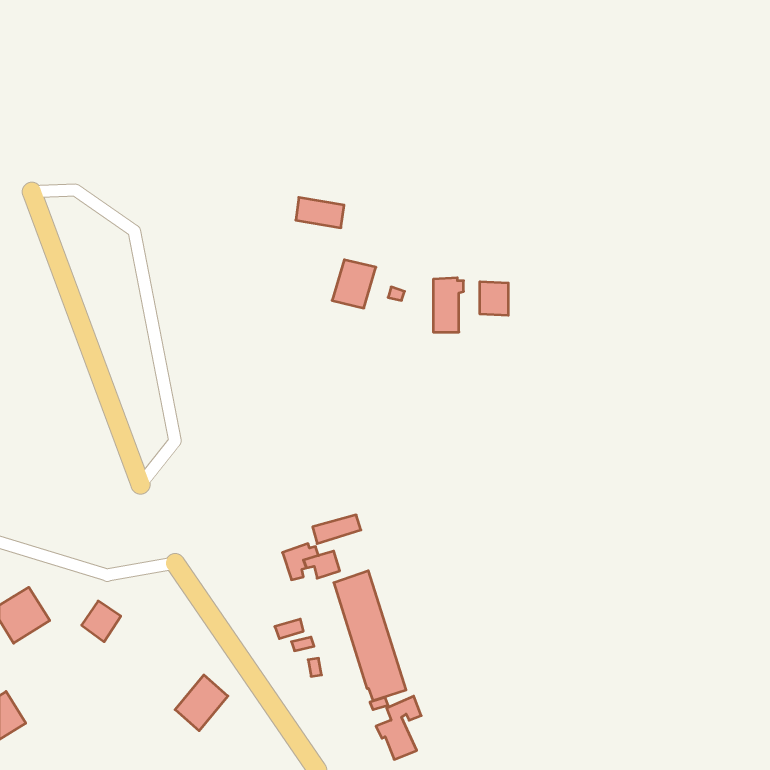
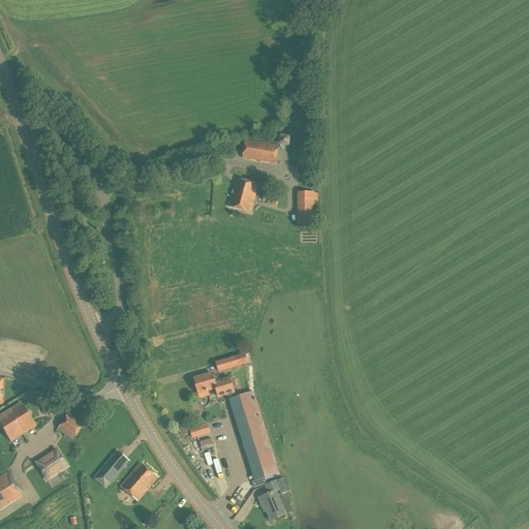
building: [296,197,344,228] -> [243,141,276,161]
building: [480,282,508,315] -> none
building: none -> [32,445,68,479]
building: none -> [97,450,128,483]

